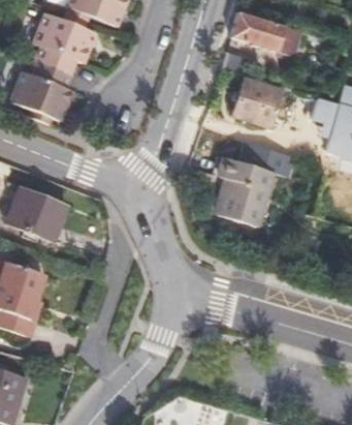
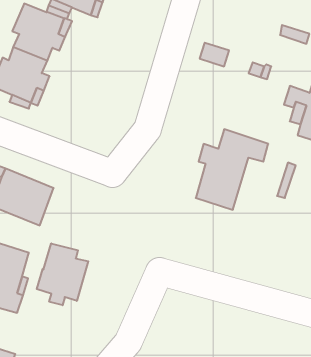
building: [233,11,303,56] -> none
building: [234,79,281,126] -> none
building: none -> [37,243,88,305]

